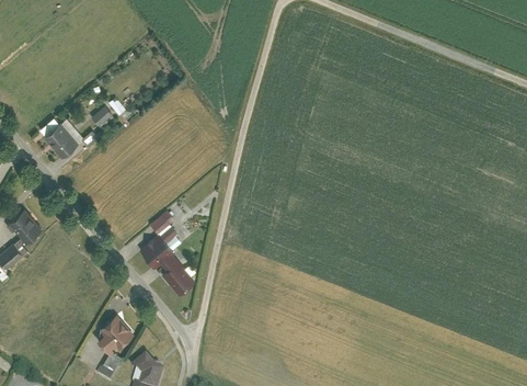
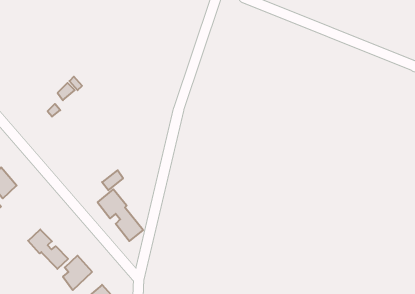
building: [45,122,79,158] -> none
building: none -> [28,229,68,269]

